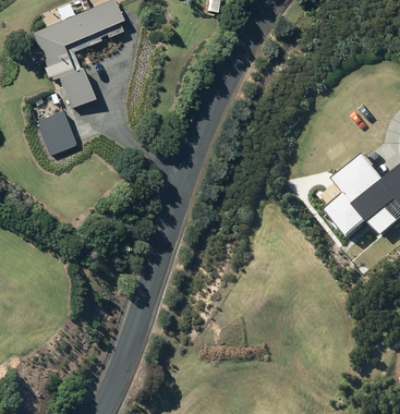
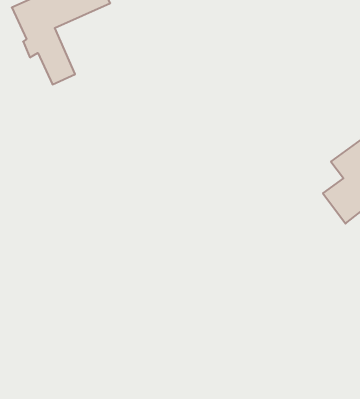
building: [38,111,76,153] -> none

